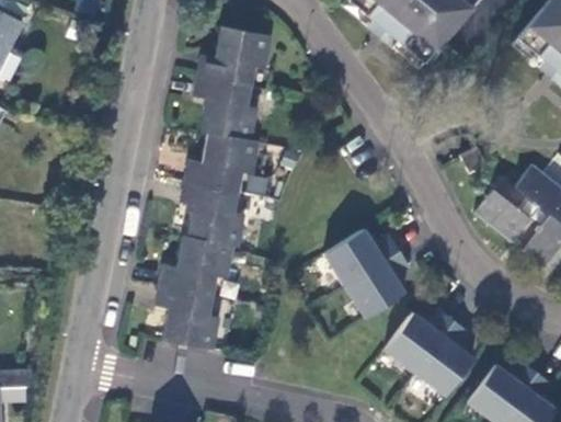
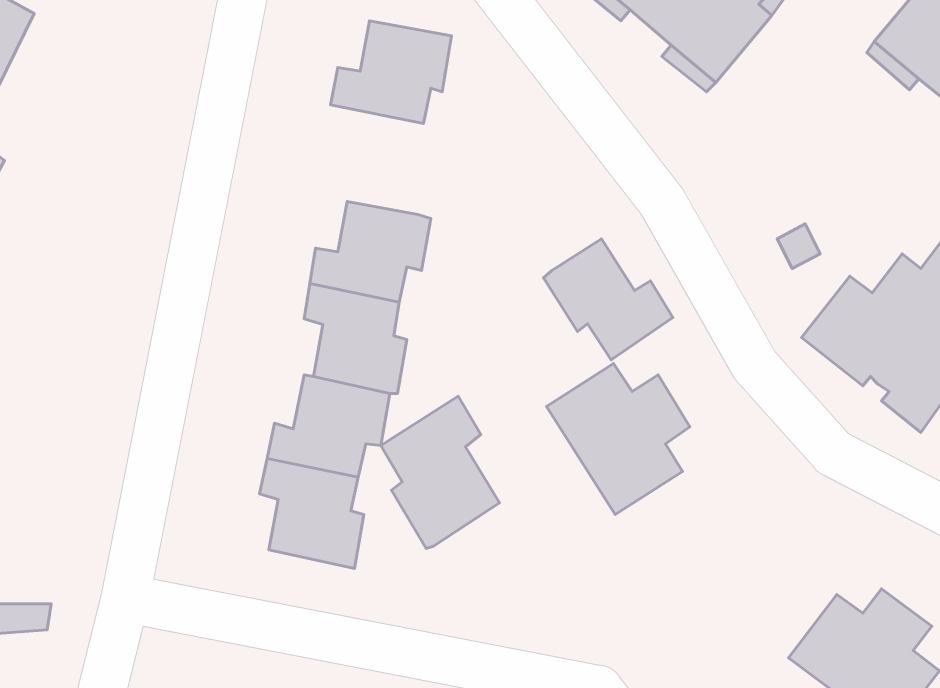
building: [196,76,256,140] -> none
building: none -> [544,239,673,360]
building: none -> [381,396,499,549]
building: [386,309,474,395] -> none

